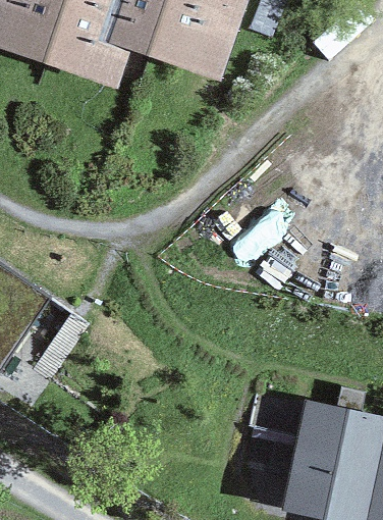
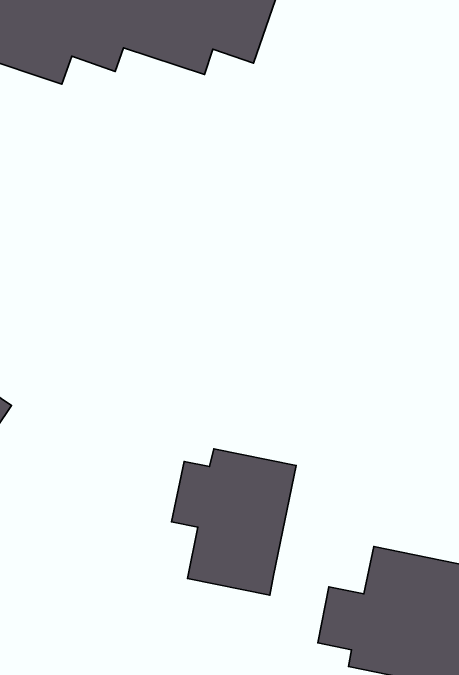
building: none -> [172,449,296,595]

